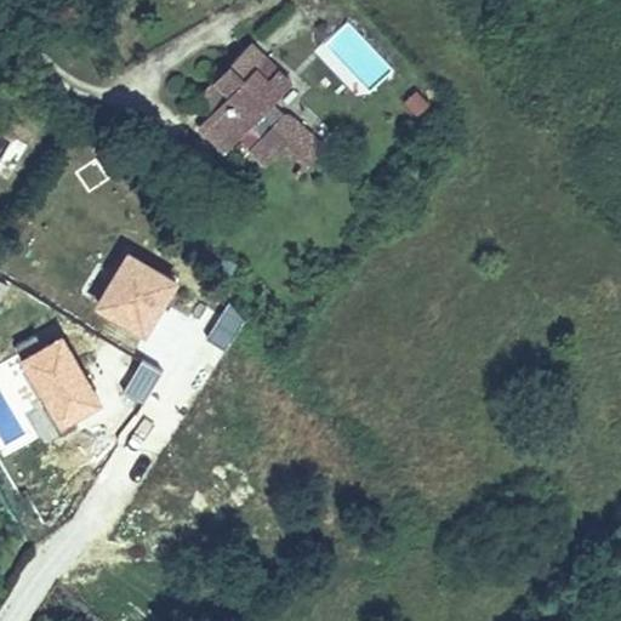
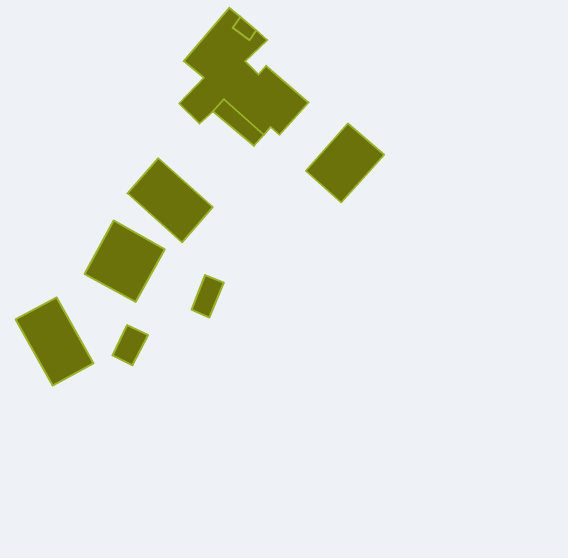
building: none -> [306,124,384,202]
building: none -> [127,158,213,242]

